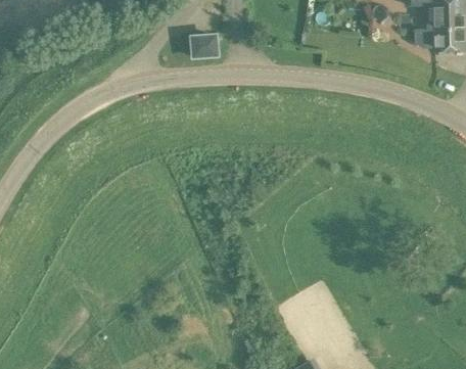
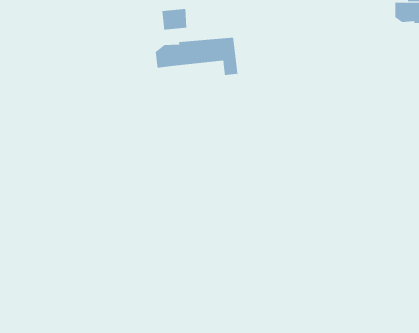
building: none -> [155,37,238,76]

